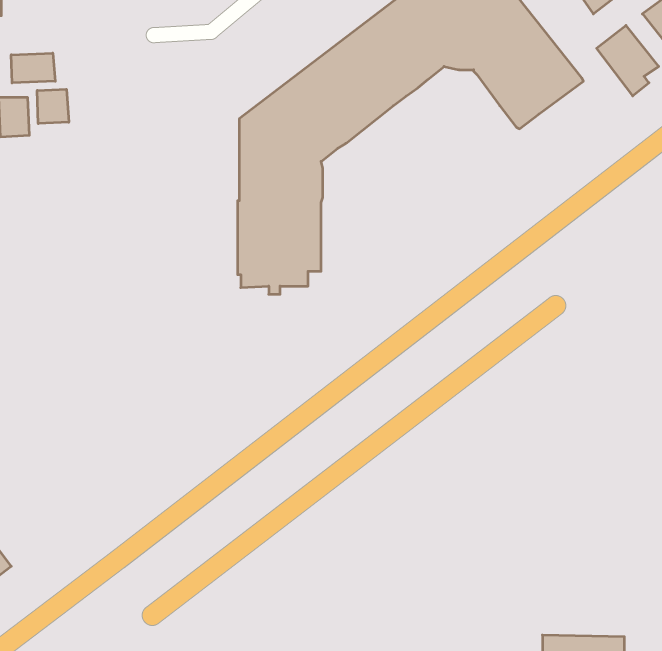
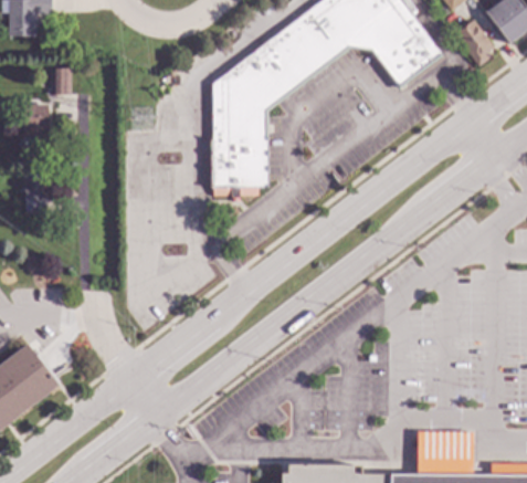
building: [11,53,55,83] -> none
building: [37,89,69,124] -> none

